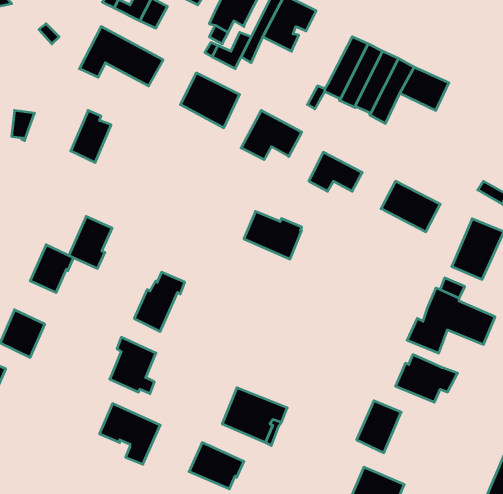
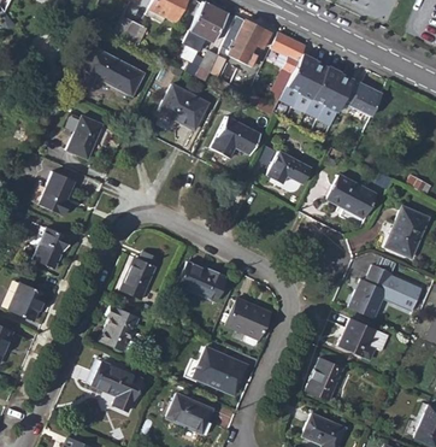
building: none -> [271,33,306,94]
building: [244,211,302,259] -> [178,261,226,301]
building: [69,216,112,268] -> [39,171,75,214]
building: none -> [225,298,271,345]

